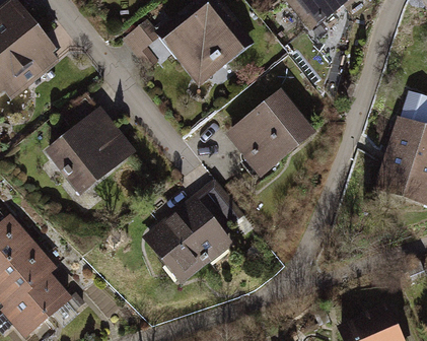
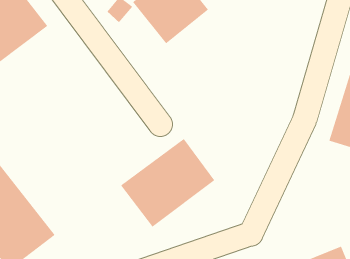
building: [224,88,314,177] -> none
building: [44,106,134,194] -> none

